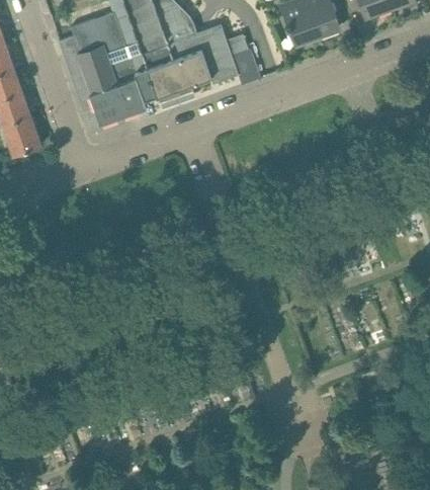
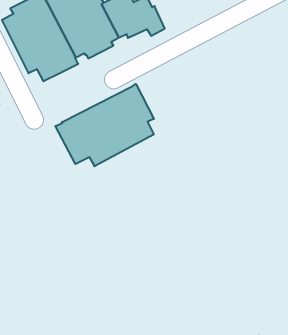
building: none -> [55,84,154,166]

